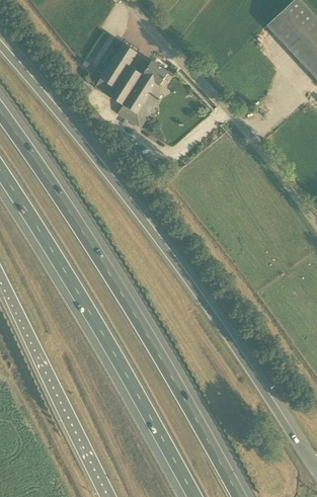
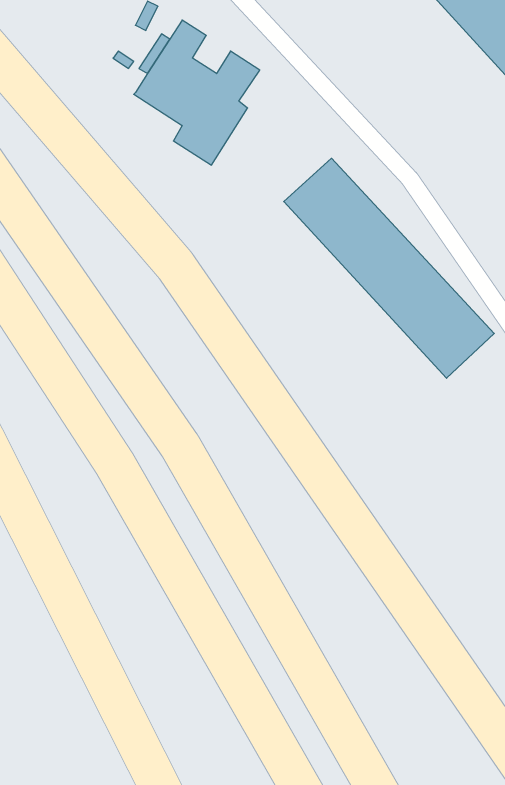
building: none -> [284,158,494,378]

